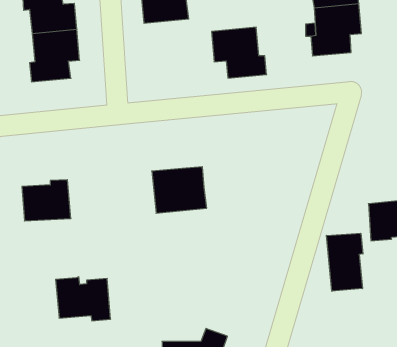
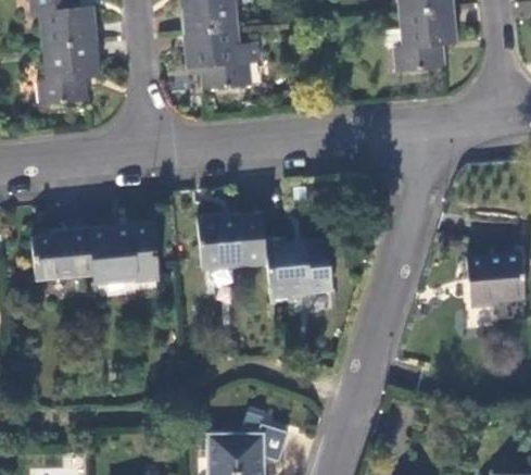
building: [212,27,267,78] -> [185,26,254,90]
building: none -> [261,237,332,304]
building: [326,233,363,291] -> none
building: [56,277,111,321] -> [88,226,157,282]

